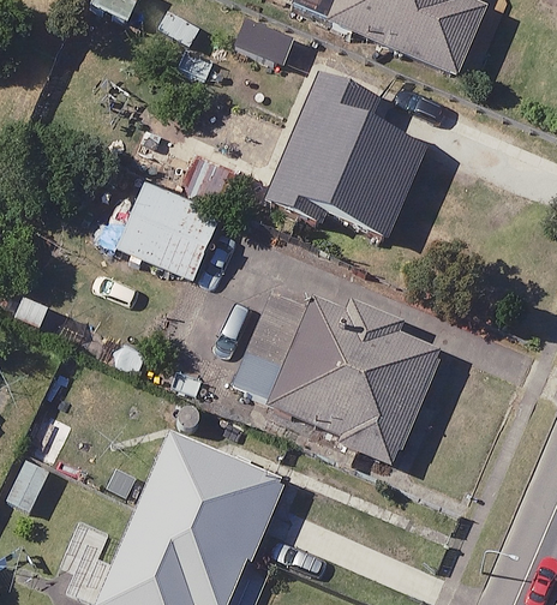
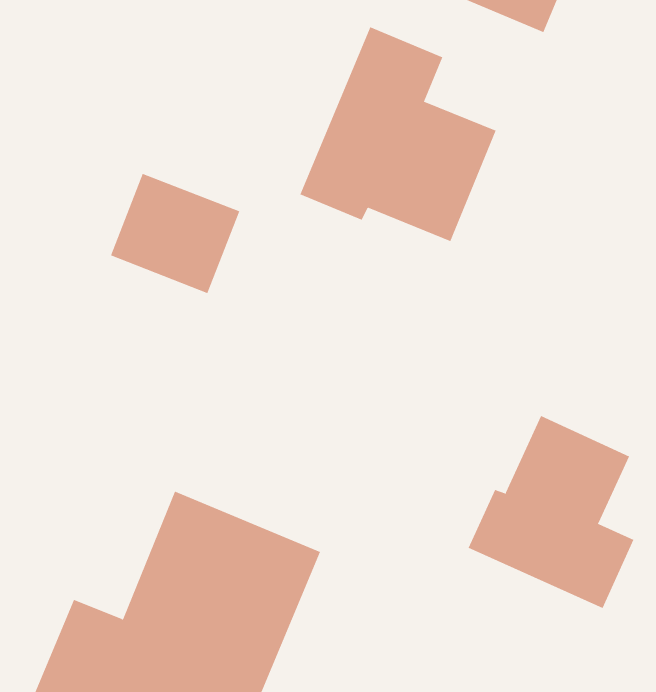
building: [230,281,442,463] -> none
building: none -> [468,415,634,609]

